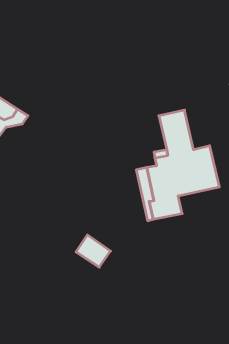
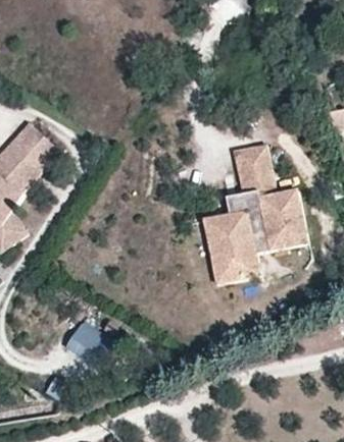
building: [76,235,111,267] -> [64,326,108,367]

